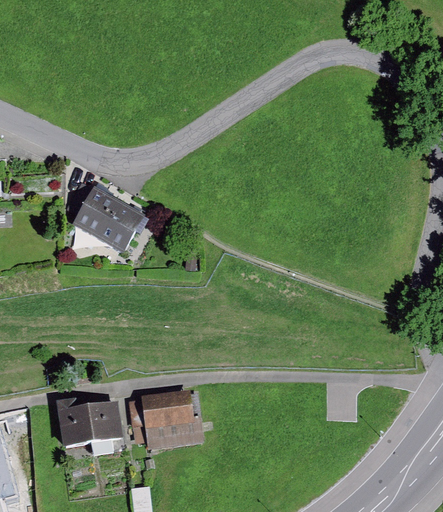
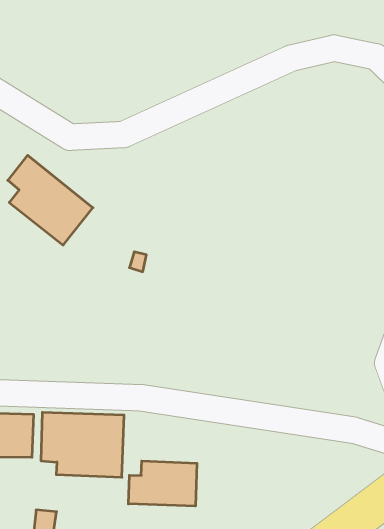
building: none -> [128,461,197,506]

